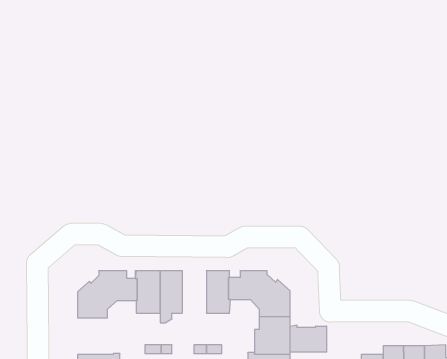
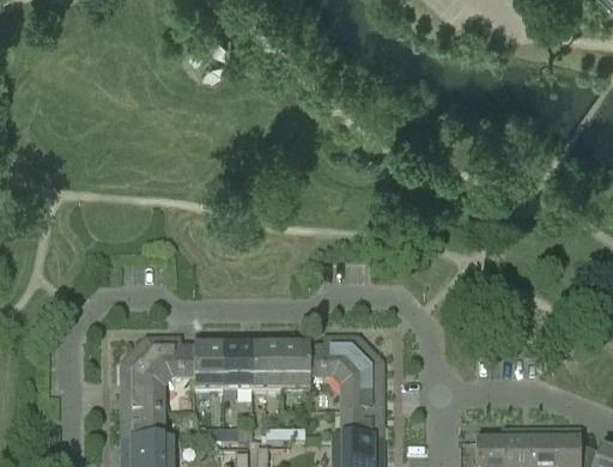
building: none -> [250,338,280,390]
building: none -> [120,396,164,442]
building: [290,325,327,352] -> none

